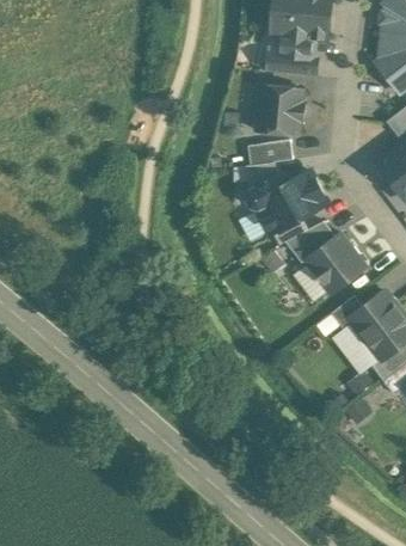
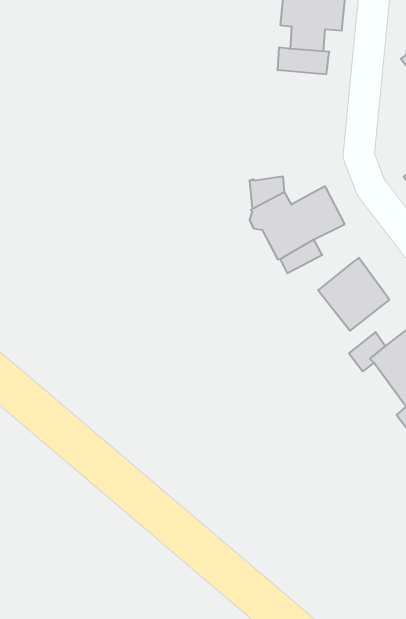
building: [256,85,304,135] -> none
building: [247,140,293,165] -> none
building: [285,221,334,263] -> none

